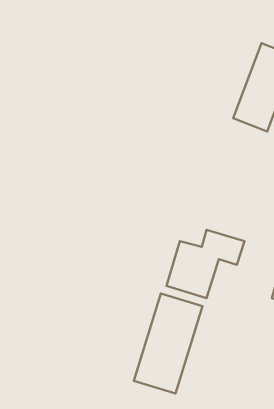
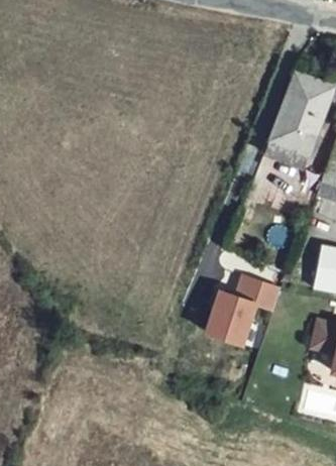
building: [134,294,202,393] -> none

